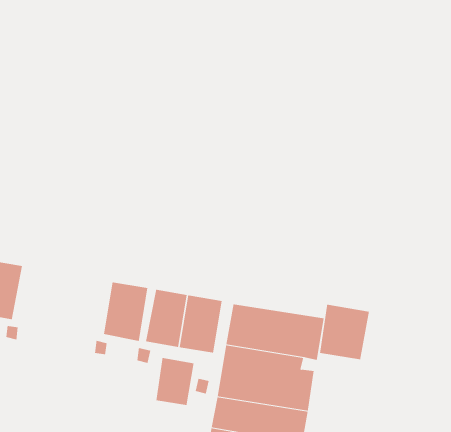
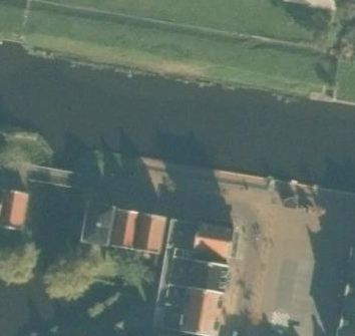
building: [320,304,369,360] -> none
building: [156,357,194,406] -> none

